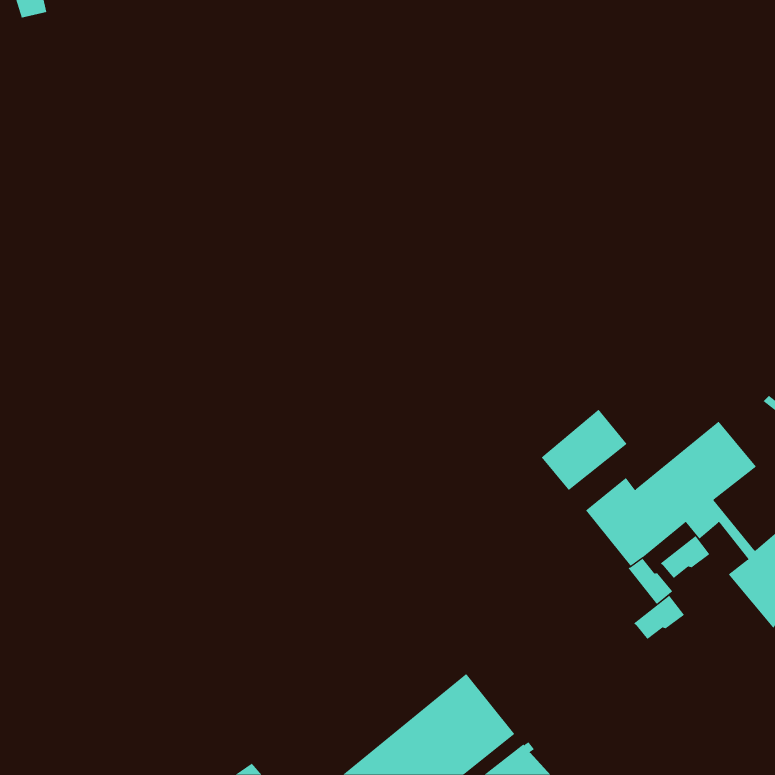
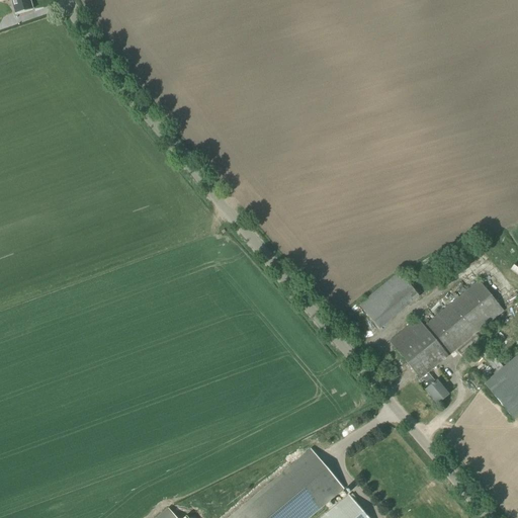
building: [660,535,710,579] -> none
building: [633,595,685,640] -> none

